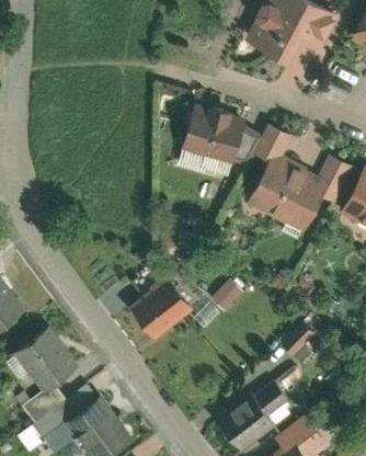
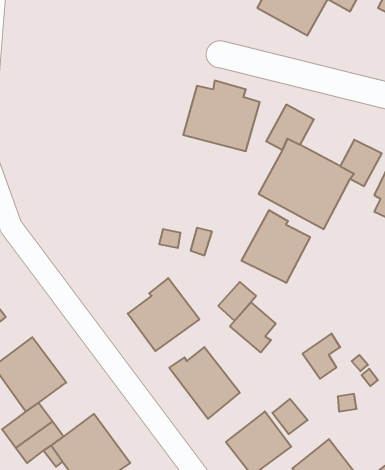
building: none -> [242,210,310,283]
building: none -> [230,303,276,352]
building: none -> [169,347,240,419]

